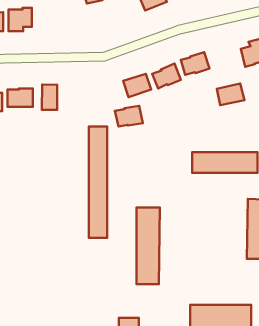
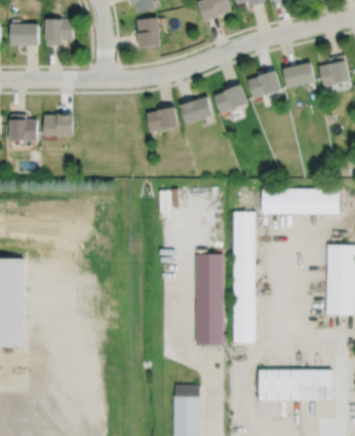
building: none -> [136,16,160,47]
building: [217,84,245,105] -> [282,62,315,87]
building: [42,85,57,110] -> none
building: [115,106,143,127] -> [146,106,179,131]
building: [89,127,107,238] -> [233,211,254,342]

